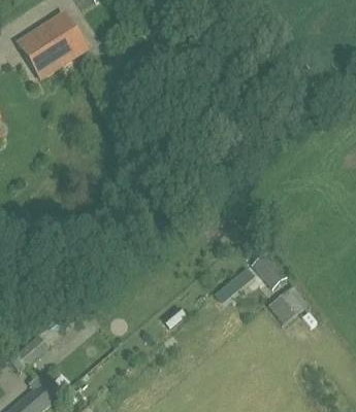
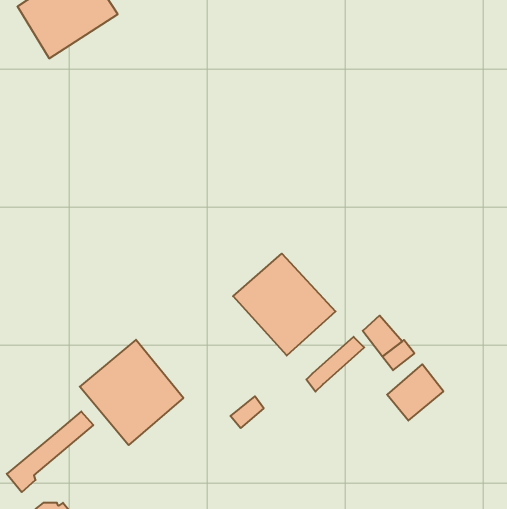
building: none -> [233,254,336,356]
building: none -> [80,340,183,445]

